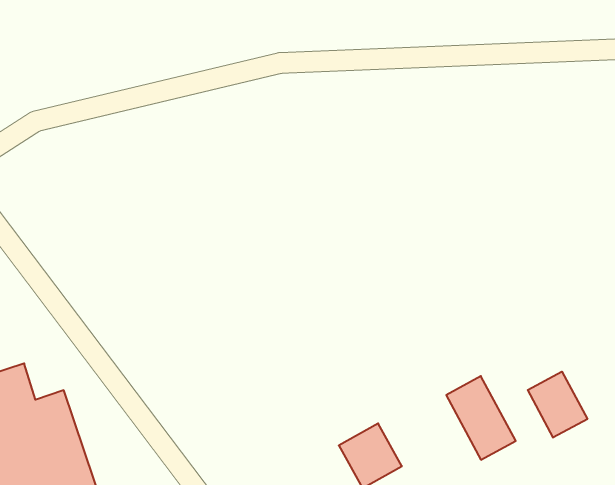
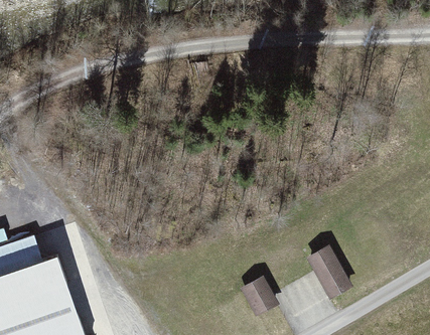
building: [528,372,587,438] -> none

